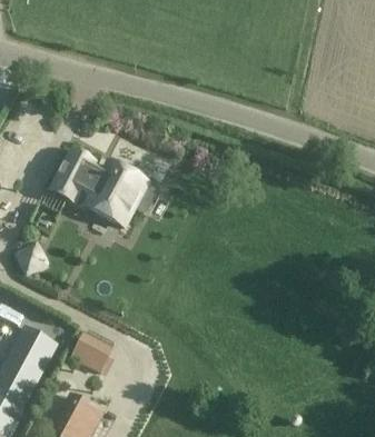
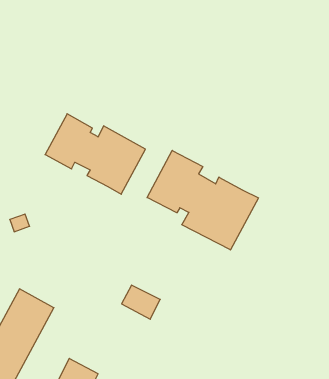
building: none -> [147,150,258,250]
building: [72,336,111,370] -> [122,285,160,319]

